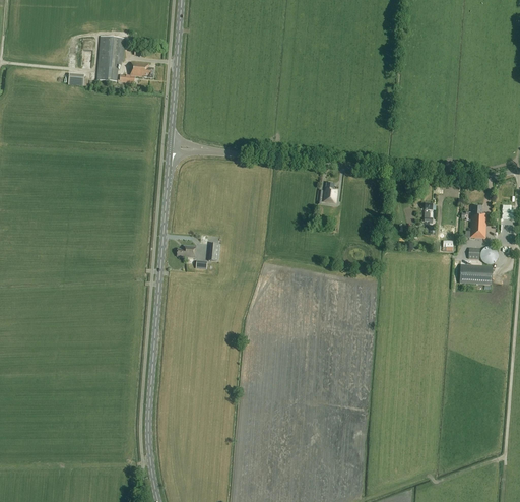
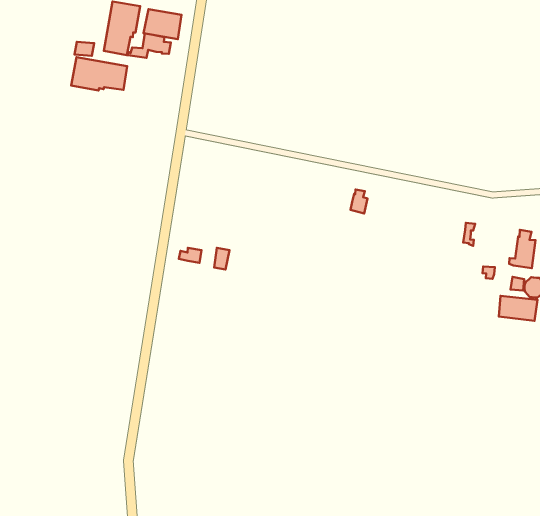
building: none -> [144,9,182,39]
building: none -> [71,57,127,90]

